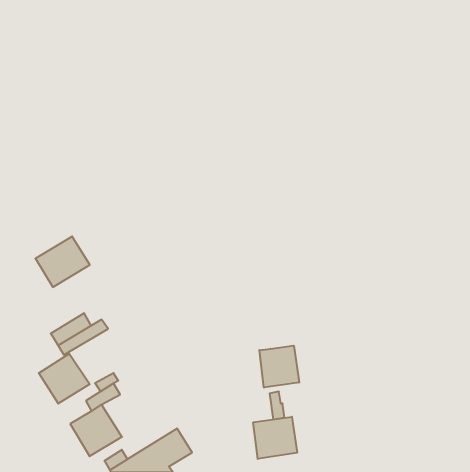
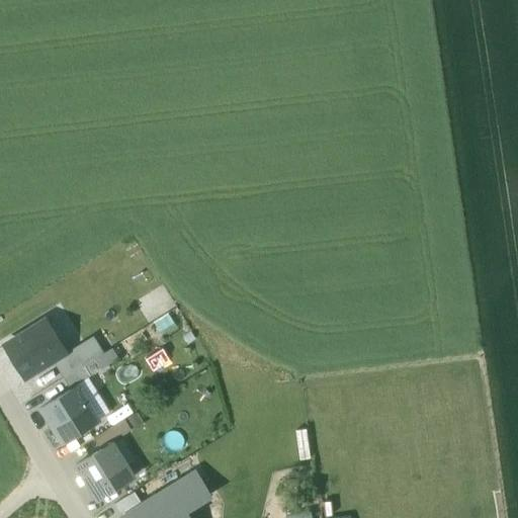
building: [35,236,90,287] -> [7,322,67,377]
building: [259,346,299,388] -> none
building: [253,417,297,459] -> none

